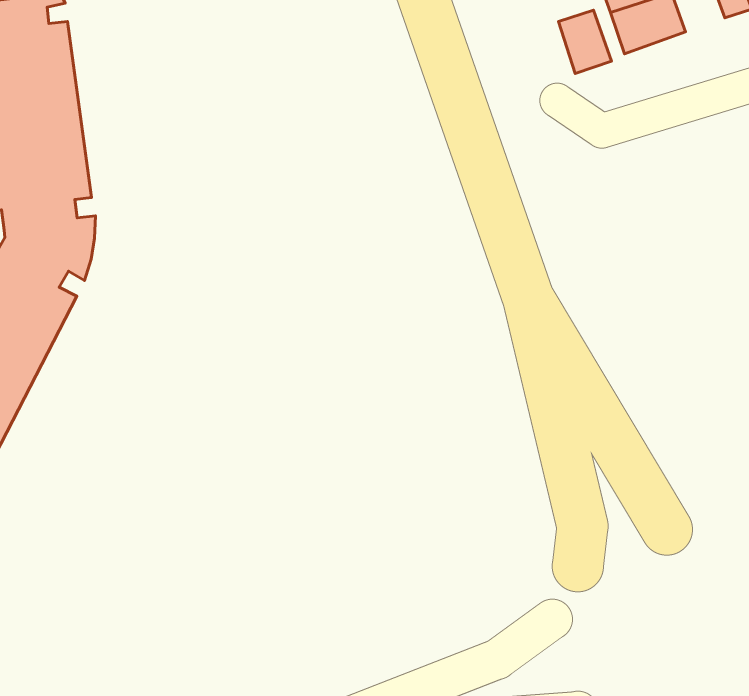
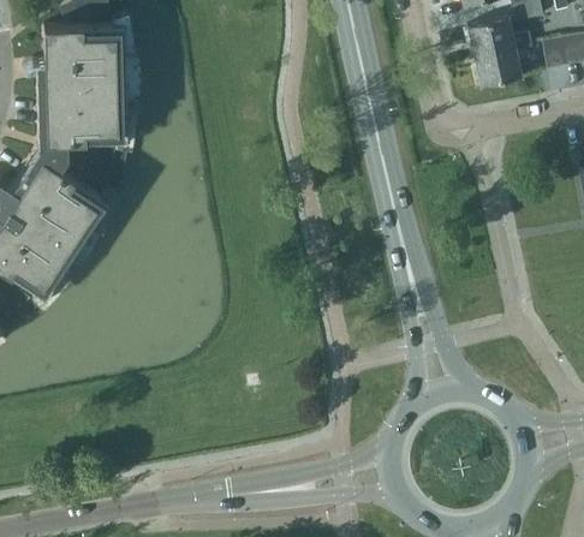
building: [559,10,611,73] -> none

